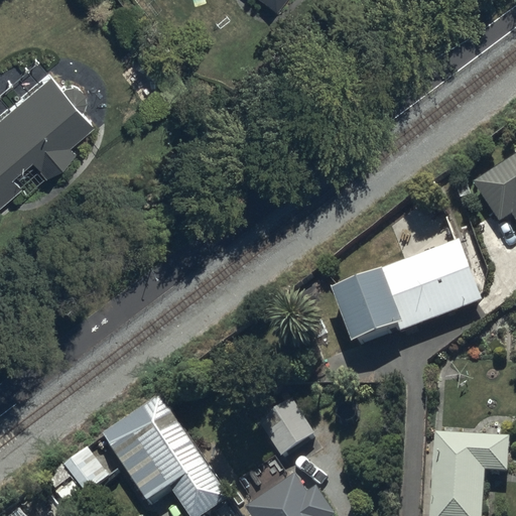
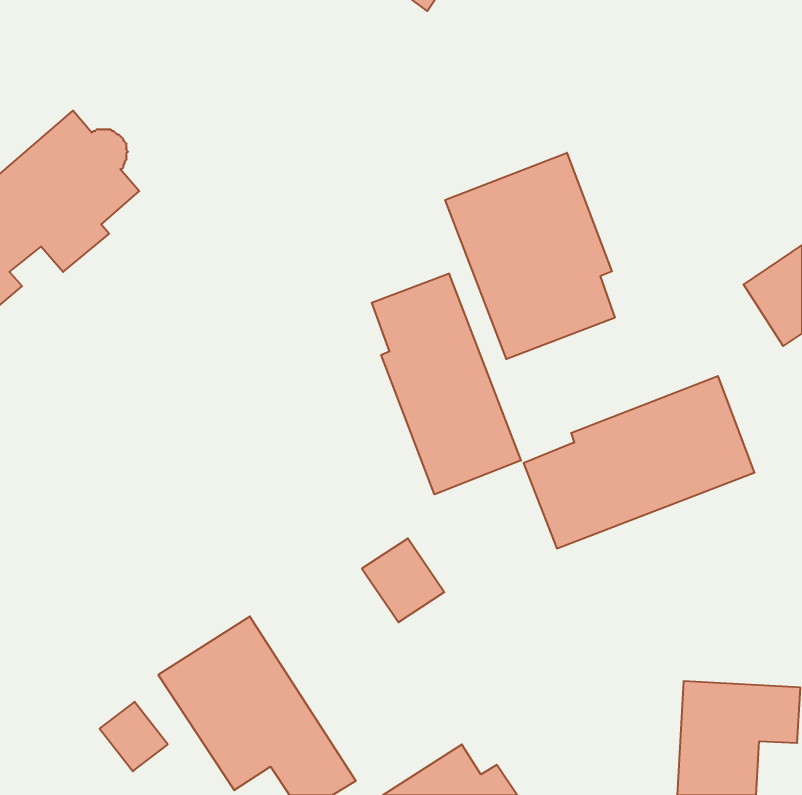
building: none -> [445,153,615,359]
building: none -> [372,273,521,494]
building: [261,398,313,452] -> [362,538,444,622]

